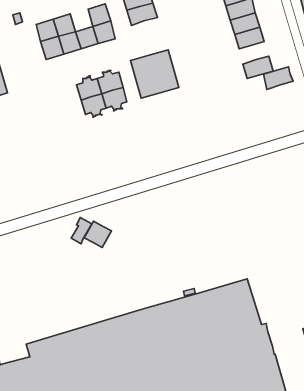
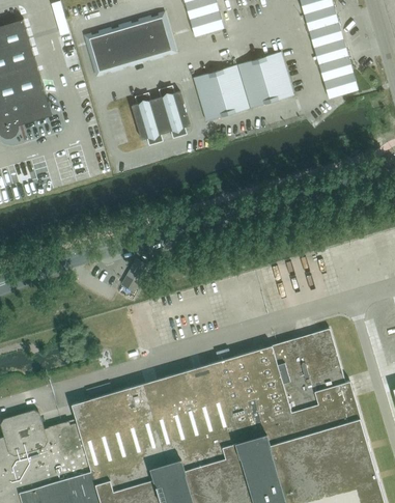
building: none -> [123,19,149,45]
building: none -> [236,52,292,109]
building: [263,67,293,89] -> [318,56,352,82]
building: [84,221,112,248] -> none

